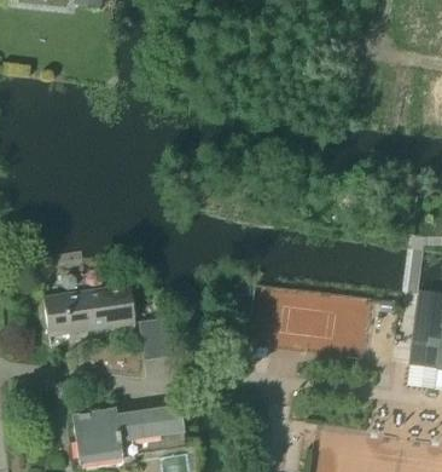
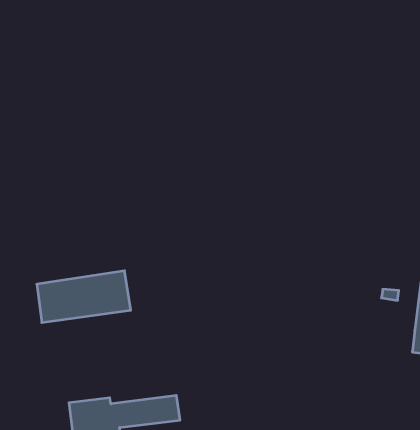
building: [145,318,173,359] -> none

